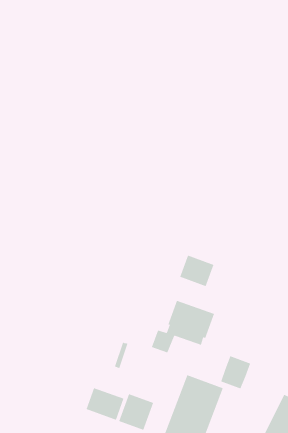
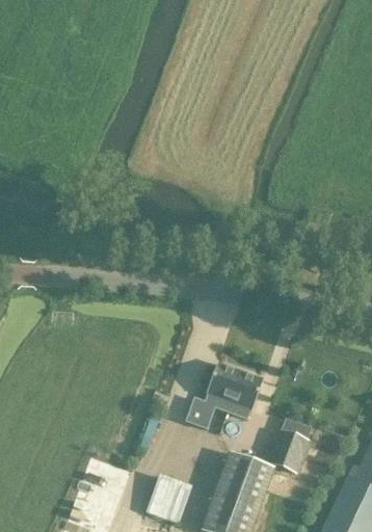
building: [179,255,214,287] -> none
building: [85,387,125,421] -> none

